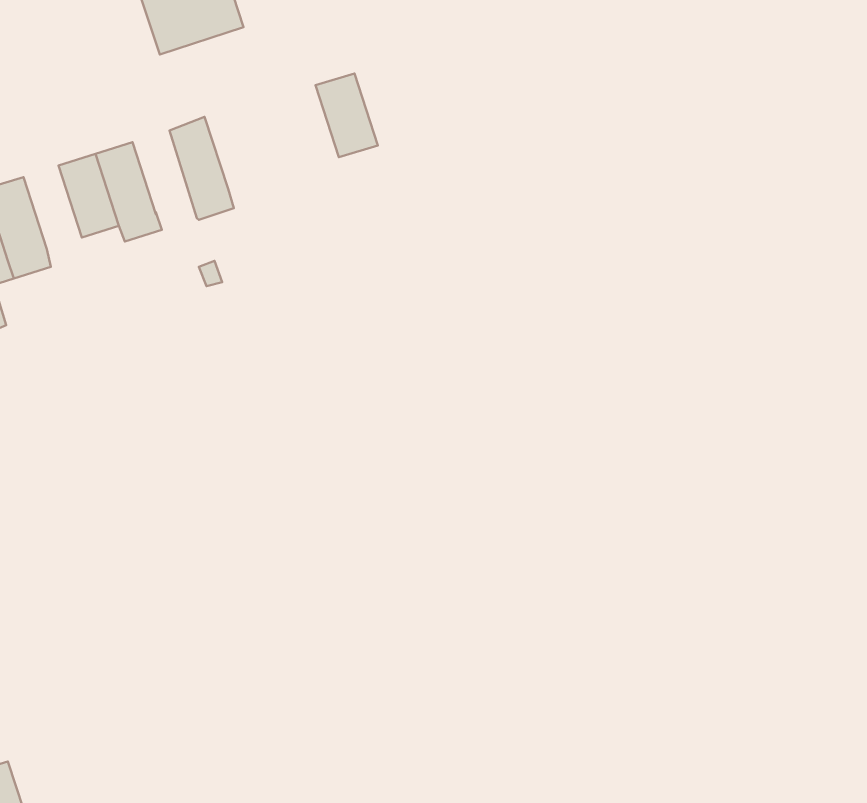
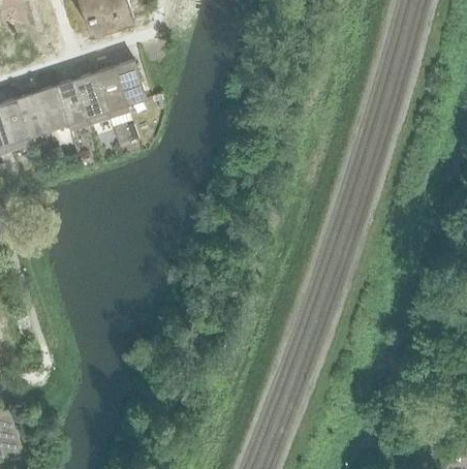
building: [316,73,378,157] -> [111,61,144,105]
building: none -> [72,74,106,127]
building: none -> [14,93,45,137]

